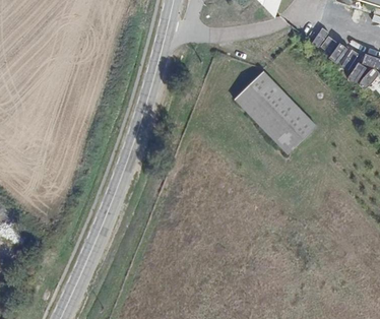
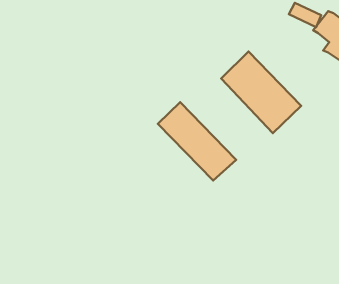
building: none -> [158,102,236,181]

